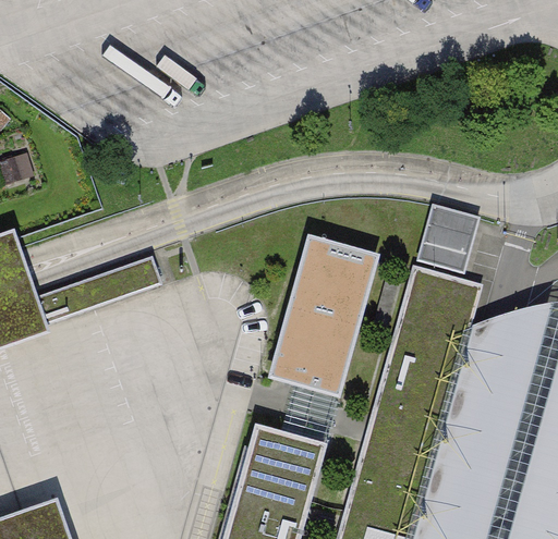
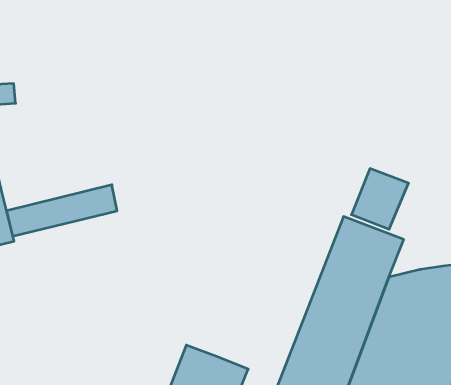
building: [279,240,387,402] -> none

